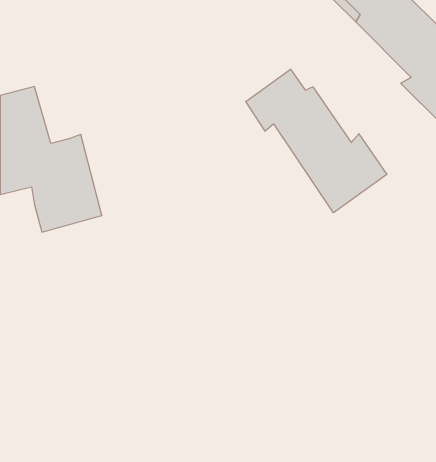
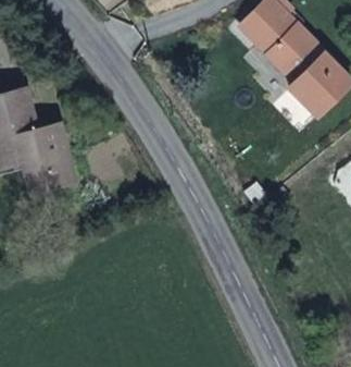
building: [246,69,387,213] -> none

